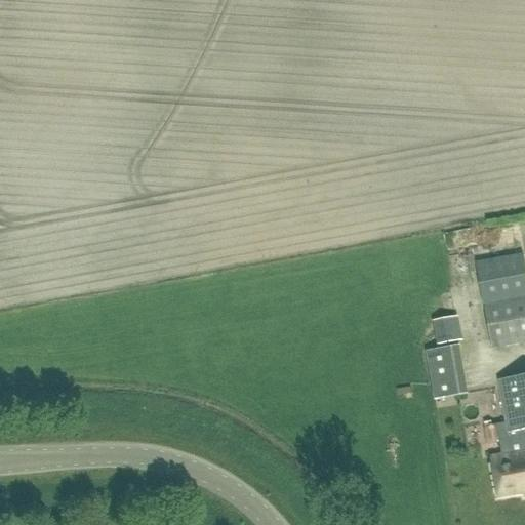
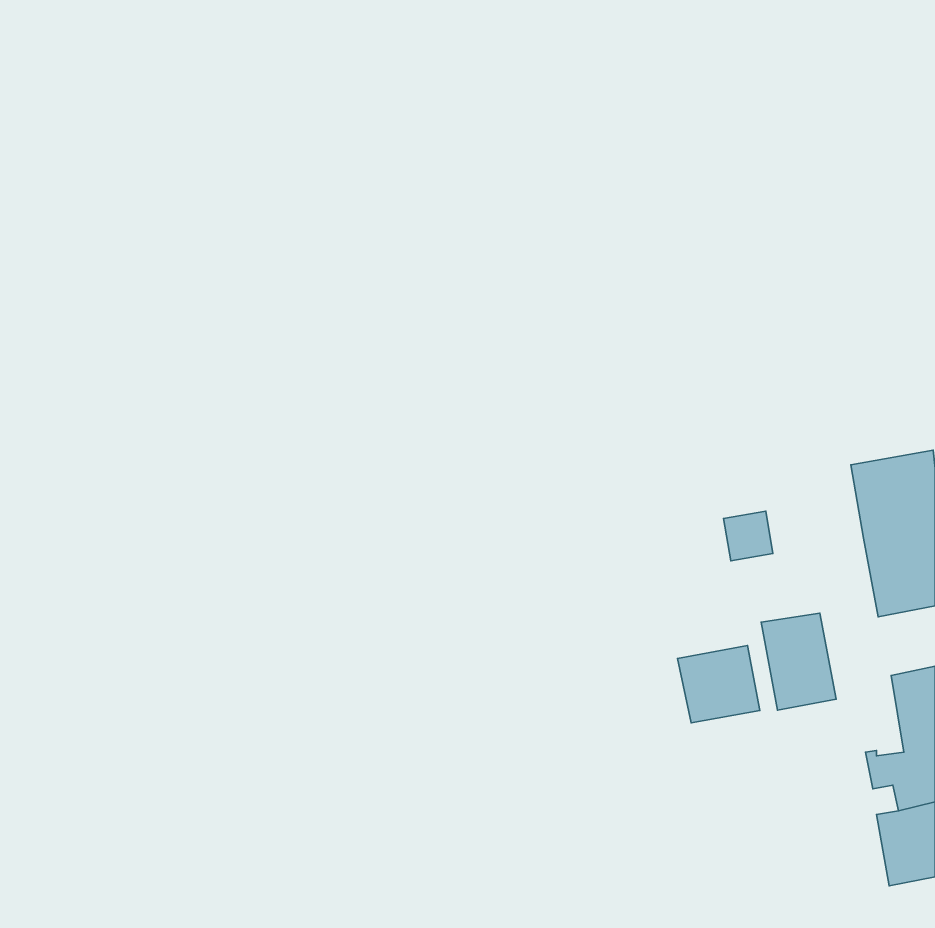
building: [434,316,461,344] -> [724,511,773,561]
building: none -> [678,645,760,723]

